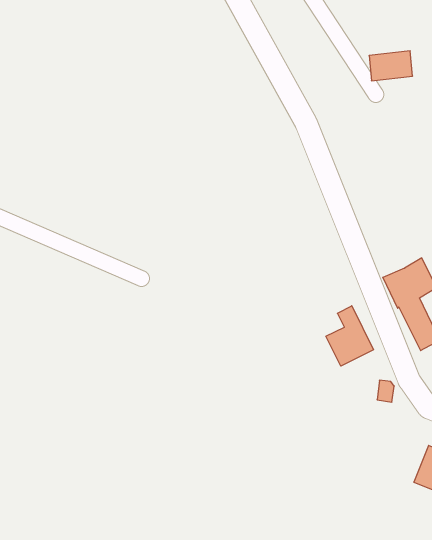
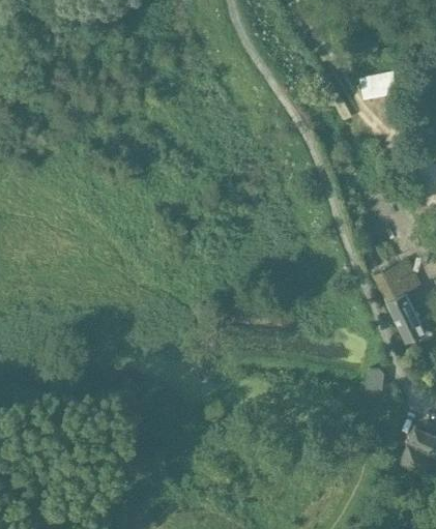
building: [326,306,374,366] -> none

